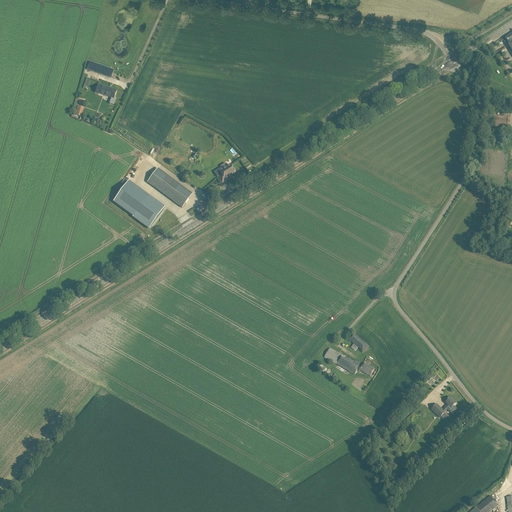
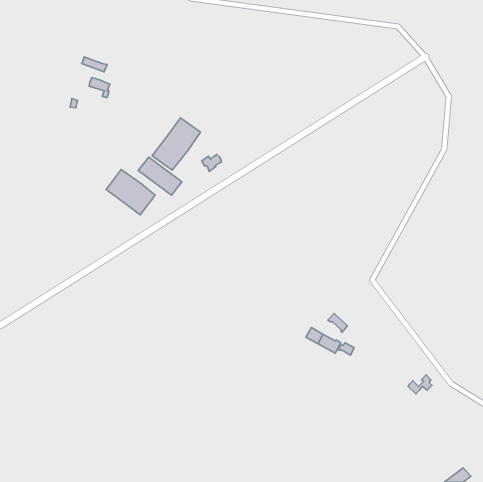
building: none -> [152,118,200,170]

